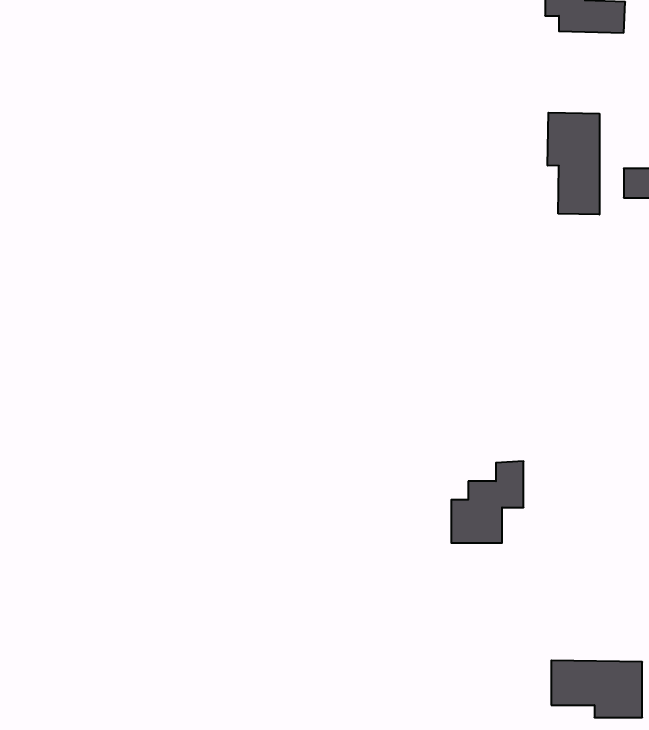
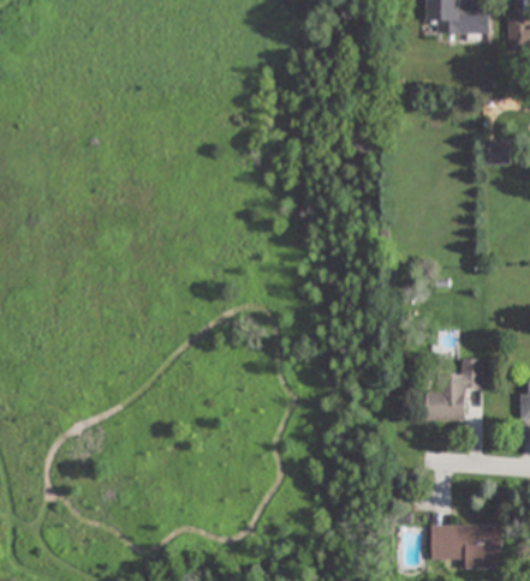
building: [548,113,599,215] -> none
building: [451,461,524,543] -> [425,357,482,420]

